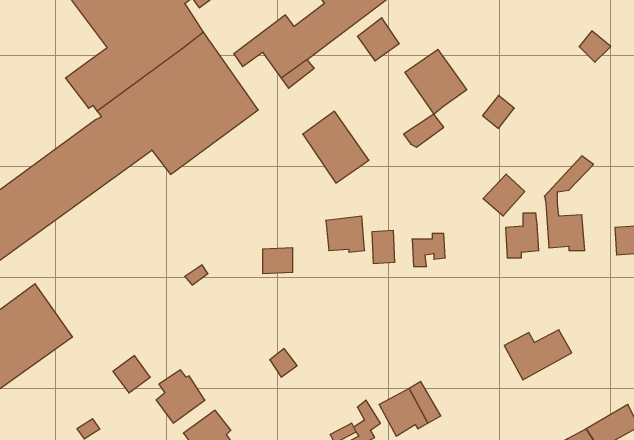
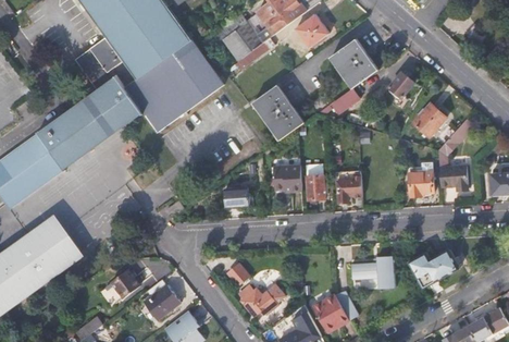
building: [483,174,525,216] -> [413,103,445,135]
building: none -> [351,255,395,288]
building: none -> [241,285,278,316]

